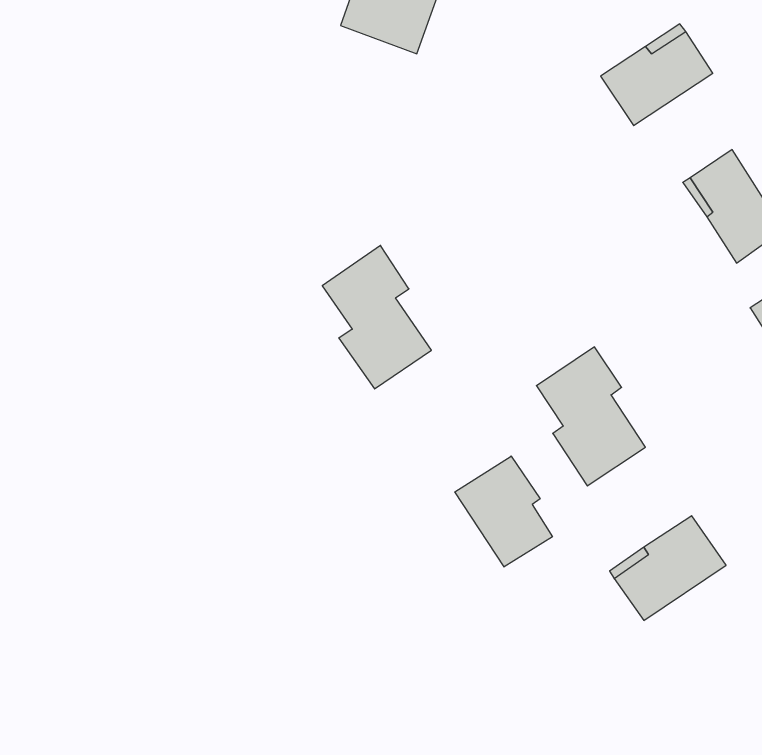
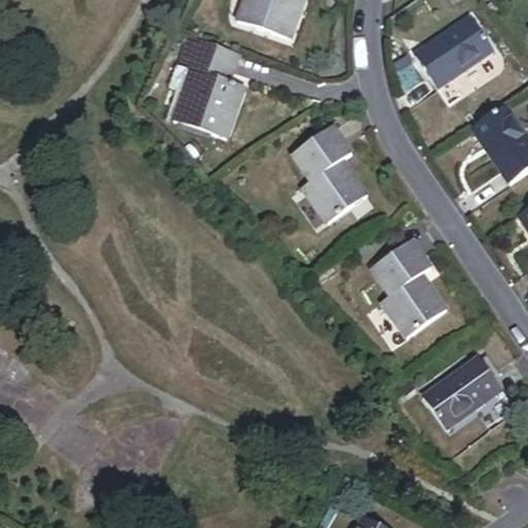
building: none -> [173,35,243,136]
building: [322,245,431,389] -> [292,123,367,222]
building: [455,456,552,567] -> none

